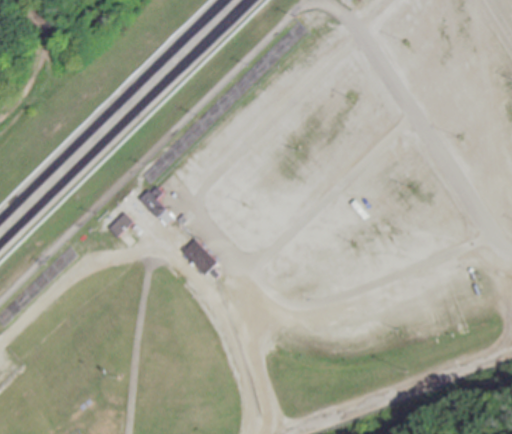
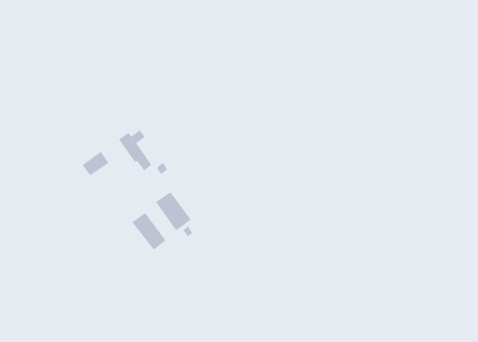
building: none -> [132,212,166,251]

